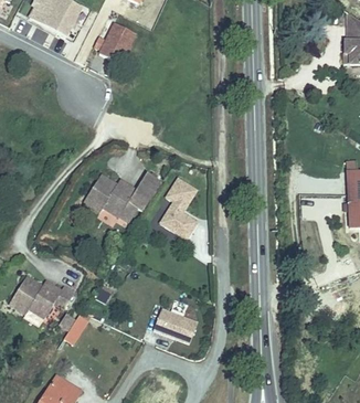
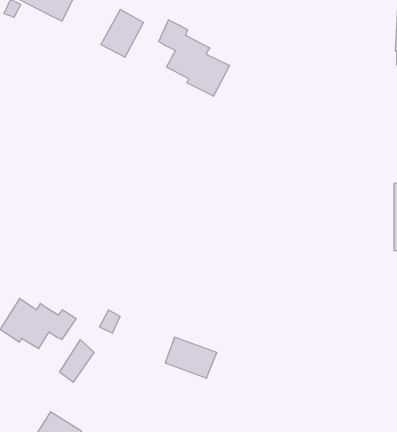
building: none -> [159,20,230,96]
building: [84,170,162,214] -> none
building: [160,180,197,236] -> none

